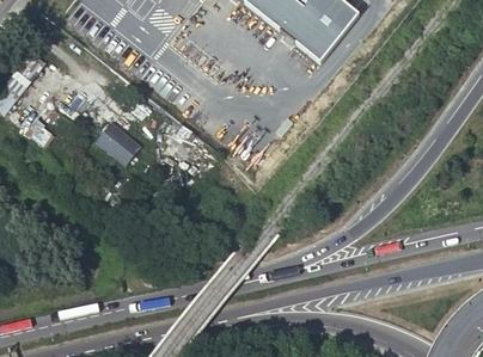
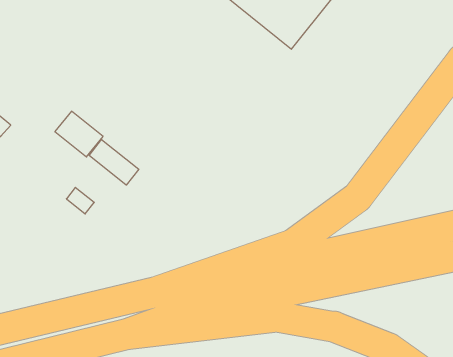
building: none -> [89,139,139,185]

